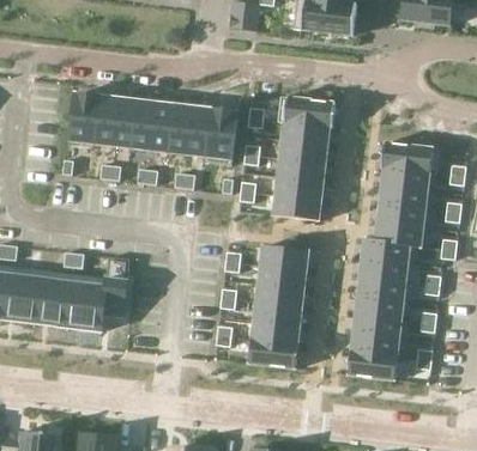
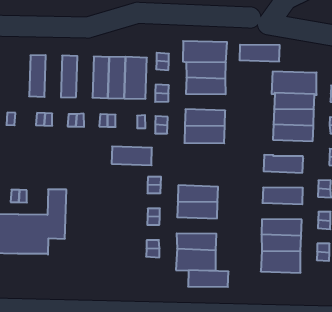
building: [70,92,101,144] -> none
building: [113,97,138,148] -> none
building: [150,102,175,152] -> none
building: [277,158,326,182] -> [239,45,280,61]
building: [375,221,423,248] -> none
building: [260,244,309,270] -> [112,146,152,165]
building: [360,257,407,281] -> none
building: [355,294,404,318] -> none
building: [253,301,302,325] -> [188,270,229,287]

